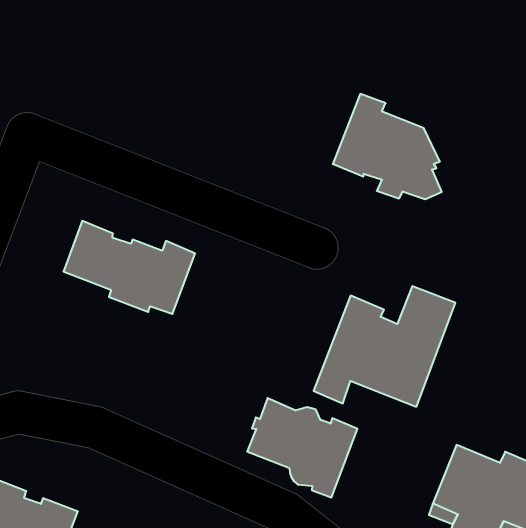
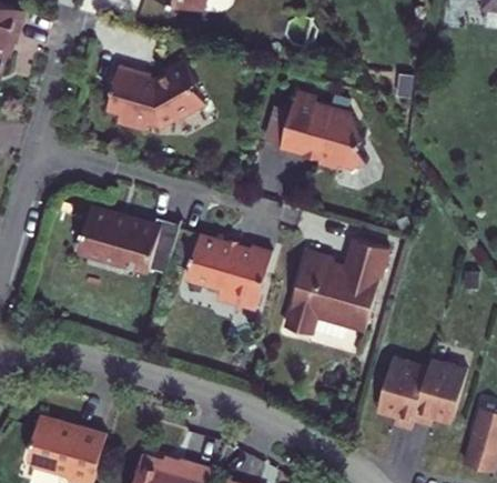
building: none -> [106,60,204,131]
building: [247,398,357,498] -> [187,234,271,306]

